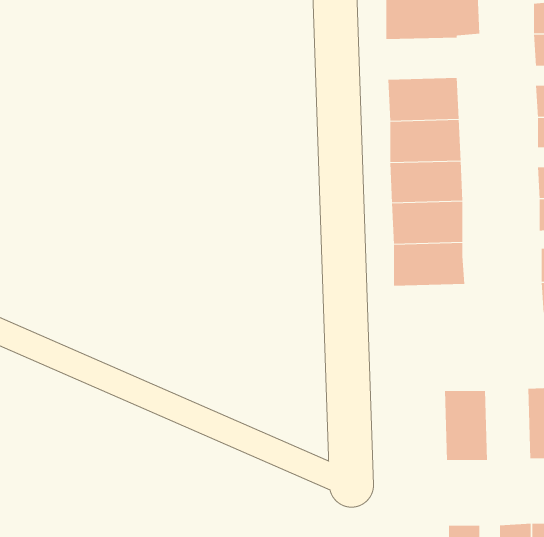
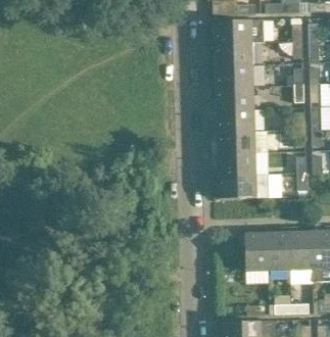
building: none -> [215,43,253,65]
building: none -> [219,176,270,199]
building: none -> [269,232,292,271]

